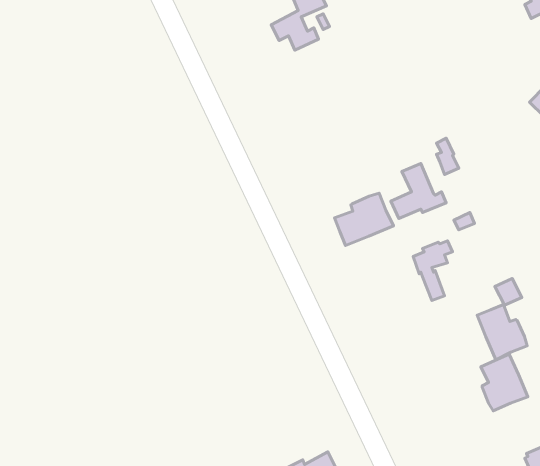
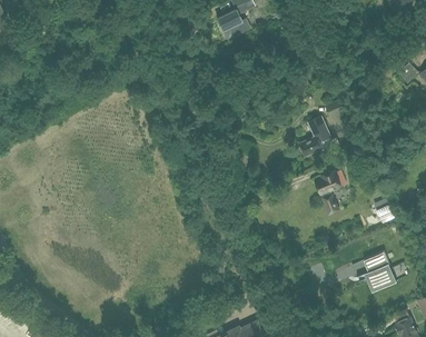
building: [335,193,393,245] -> none
building: [477,304,527,360] -> none

